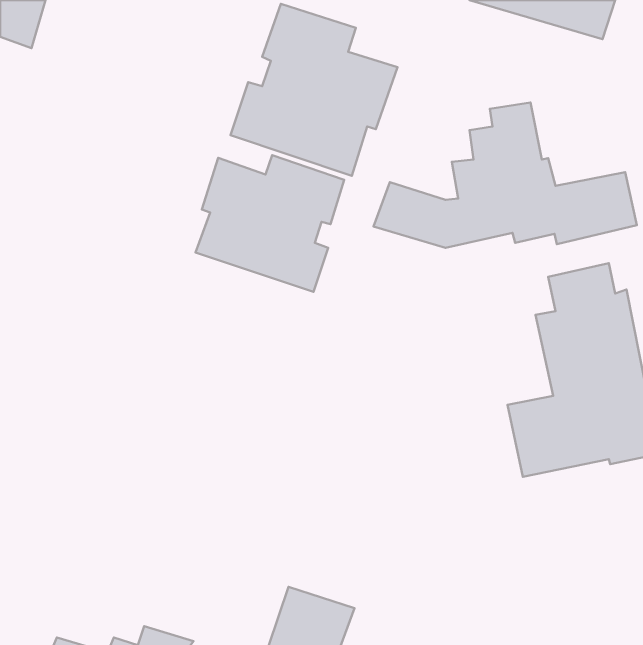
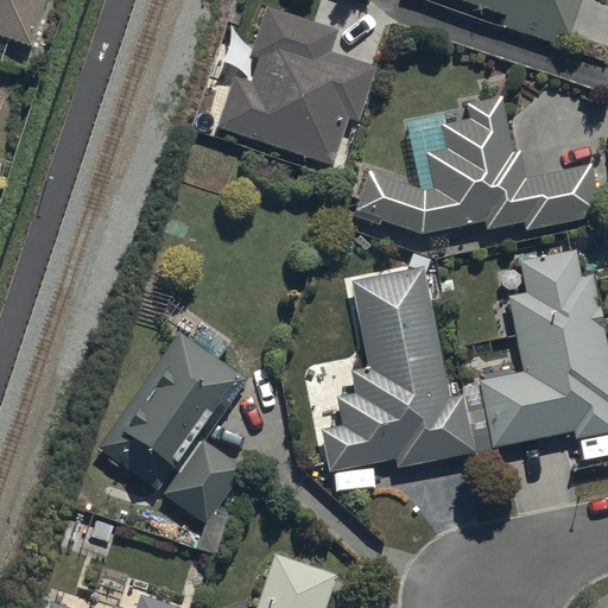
building: [196,155,344,292] -> none
building: none -> [322,266,475,471]
building: none -> [96,322,248,522]

